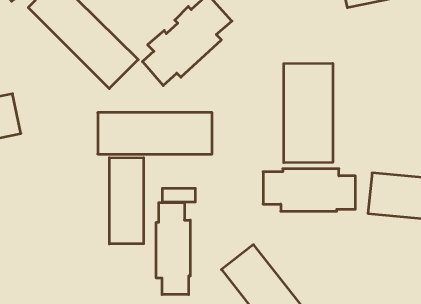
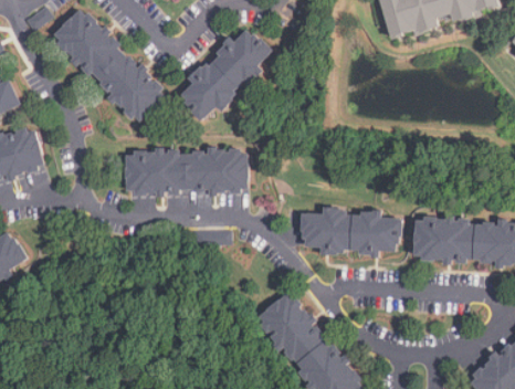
building: [284,63,333,163] -> none
building: [109,158,144,244] -> none
building: [156,203,190,295] -> none

